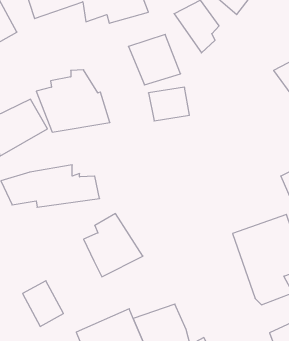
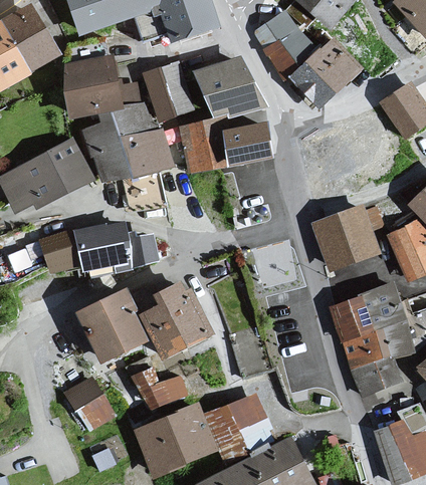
building: none -> [287,38,364,107]
building: none -> [65,56,140,119]
building: none -> [142,61,195,123]
building: none -> [178,119,228,172]
building: none -> [308,205,380,272]
building: none -> [74,289,153,365]
building: none -> [131,357,190,404]

